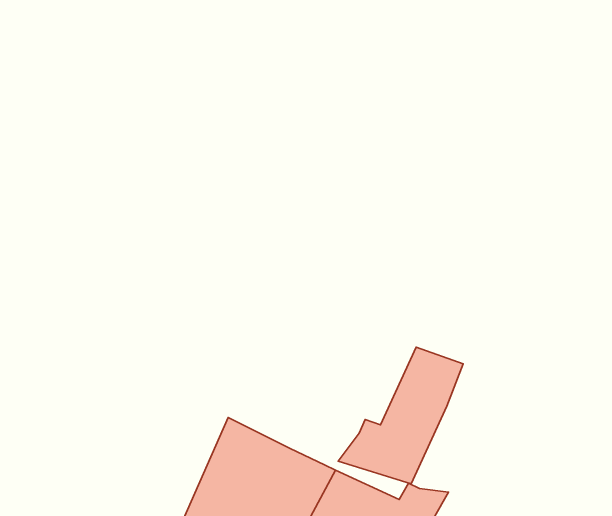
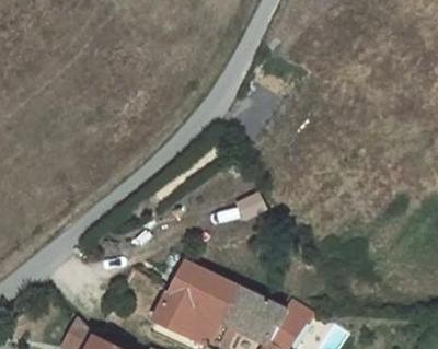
building: [338,347,463,484] -> none

